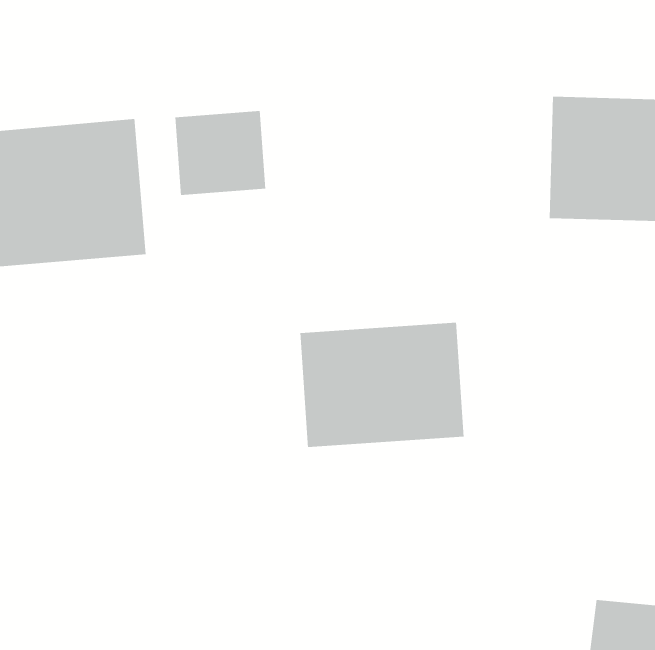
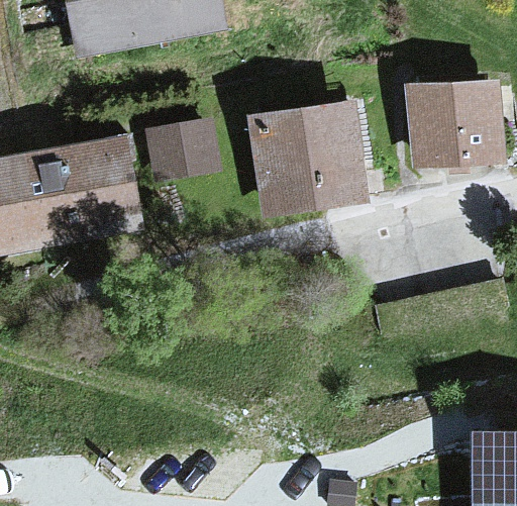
building: none -> [246,99,368,217]
building: [300,322,464,448] -> none

